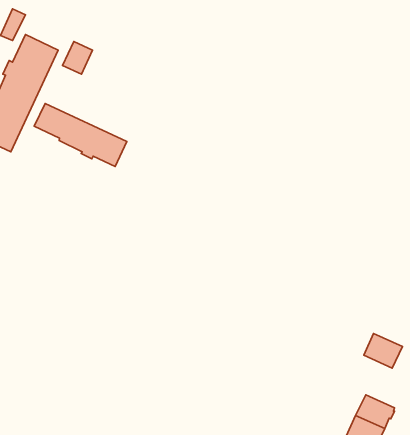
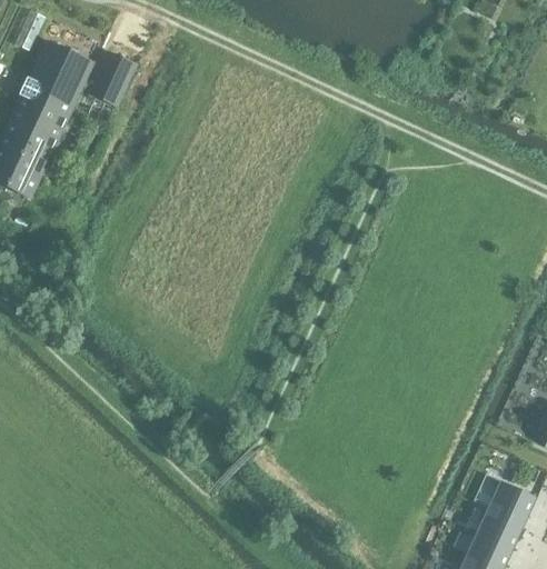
building: [34,103,127,167] -> none
building: [364,334,403,368] -> [485,482,535,527]

